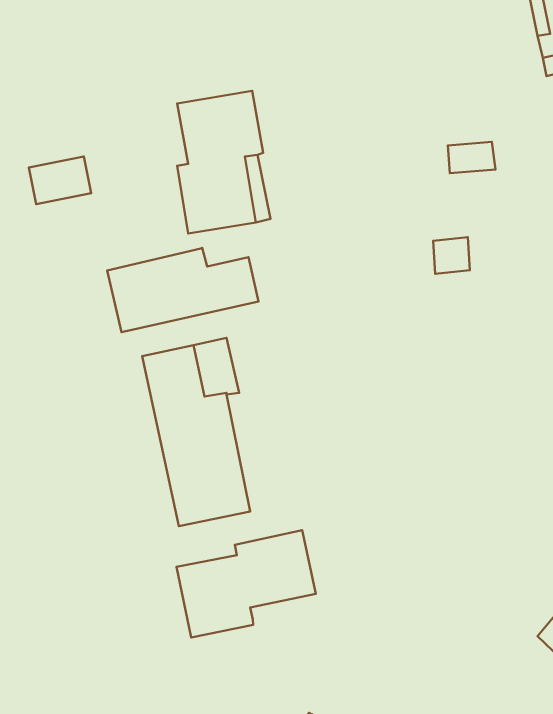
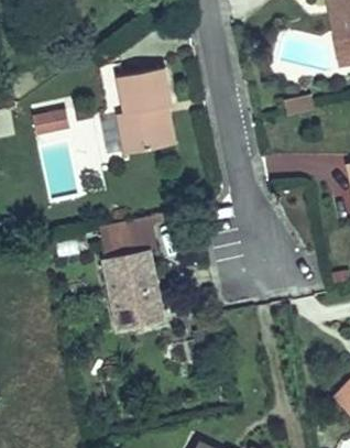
building: [107,248,258,332] -> none
building: [177,530,316,638] -> none

